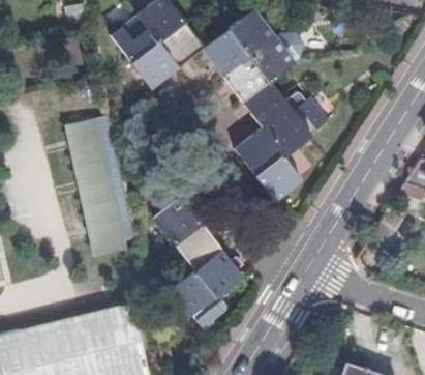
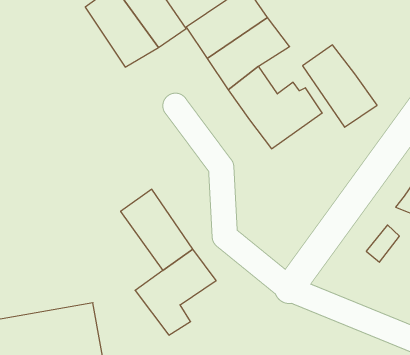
building: [65,117,138,259] -> none
building: [236,124,305,198] -> [303,45,377,127]

